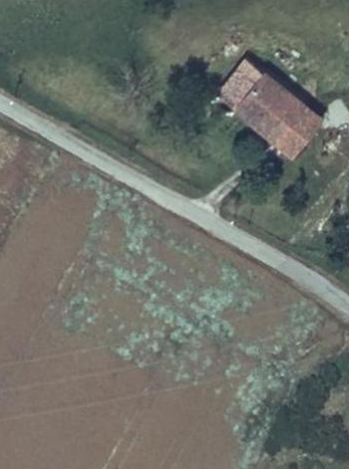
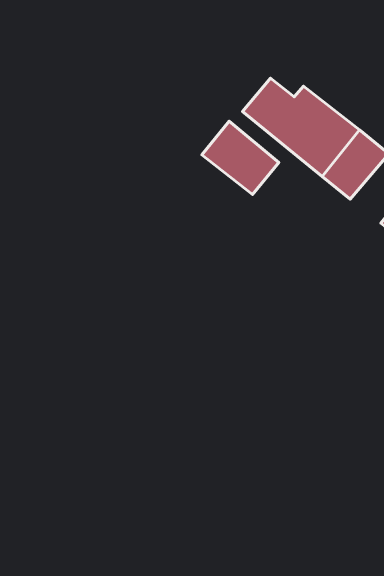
building: none -> [202,121,279,194]

